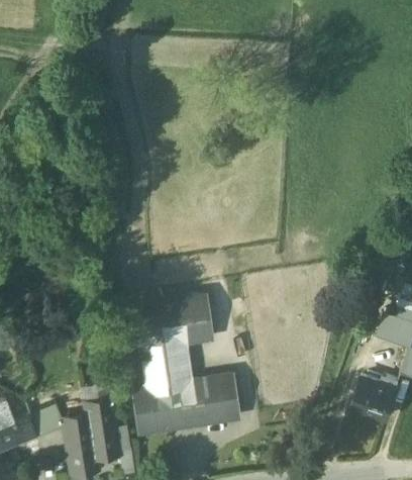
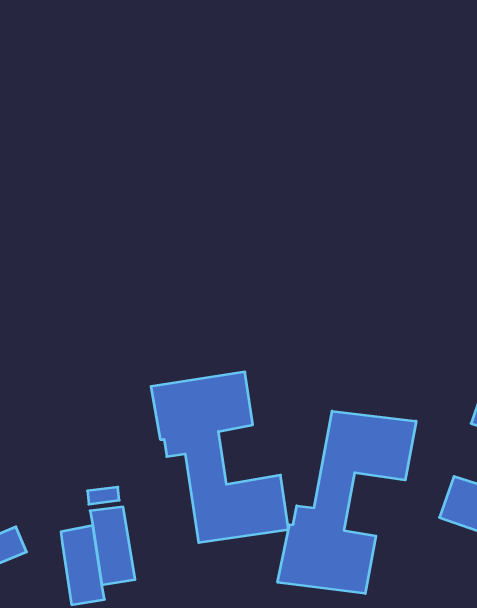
building: none -> [278,411,416,594]
building: [136,360,171,433] -> none
building: [31,404,67,438] -> none

